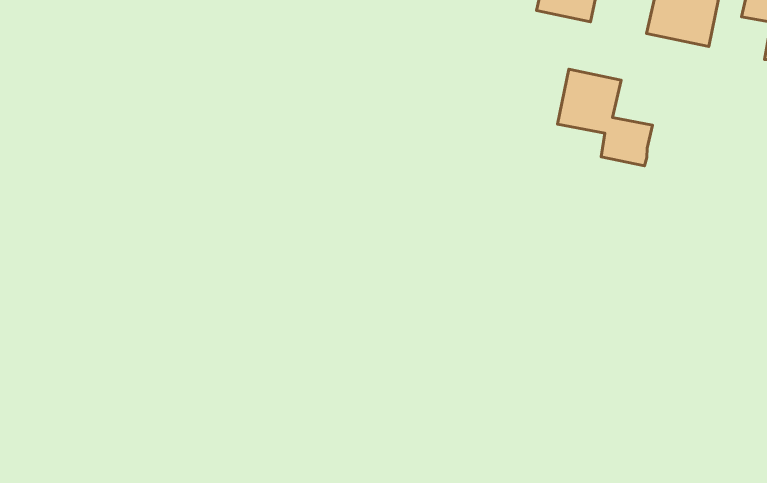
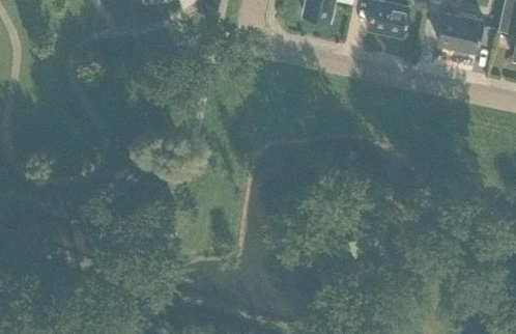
building: [557,69,653,166] -> none

